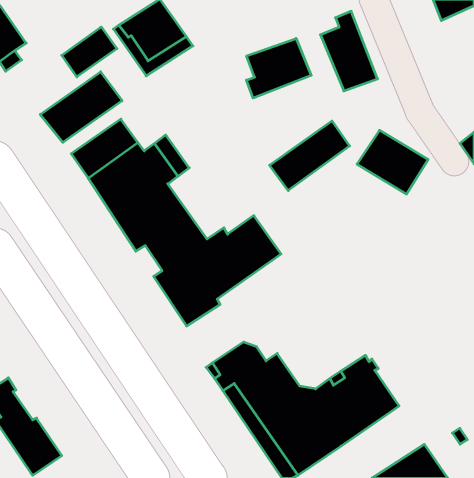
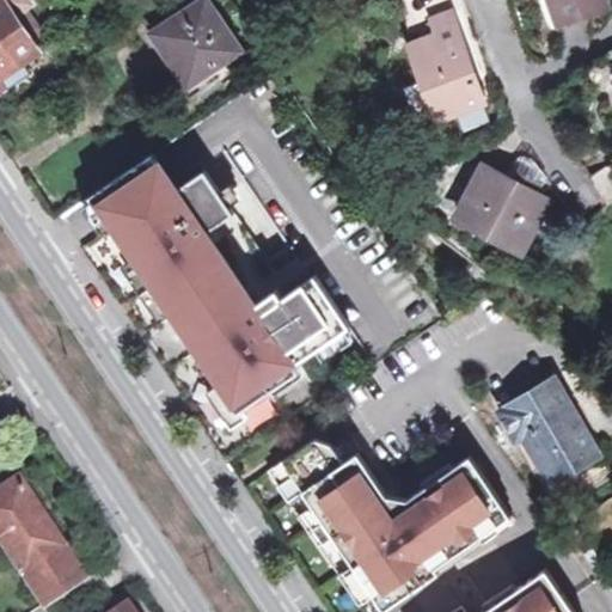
building: [62,27,117,77] -> none
building: [246,38,311,98] -> none
building: [40,72,122,142] -> none
building: [270,121,350,191] -> none
building: none -> [485,375,598,494]

